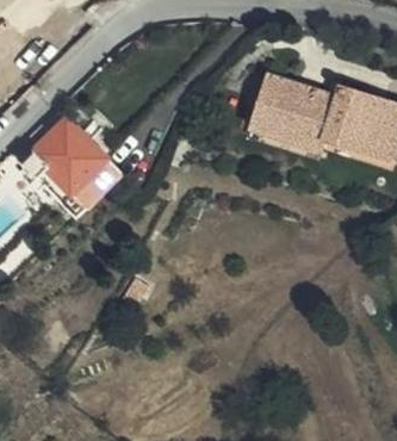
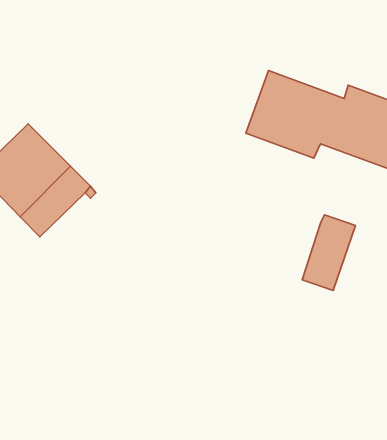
building: none -> [302,215,356,290]

